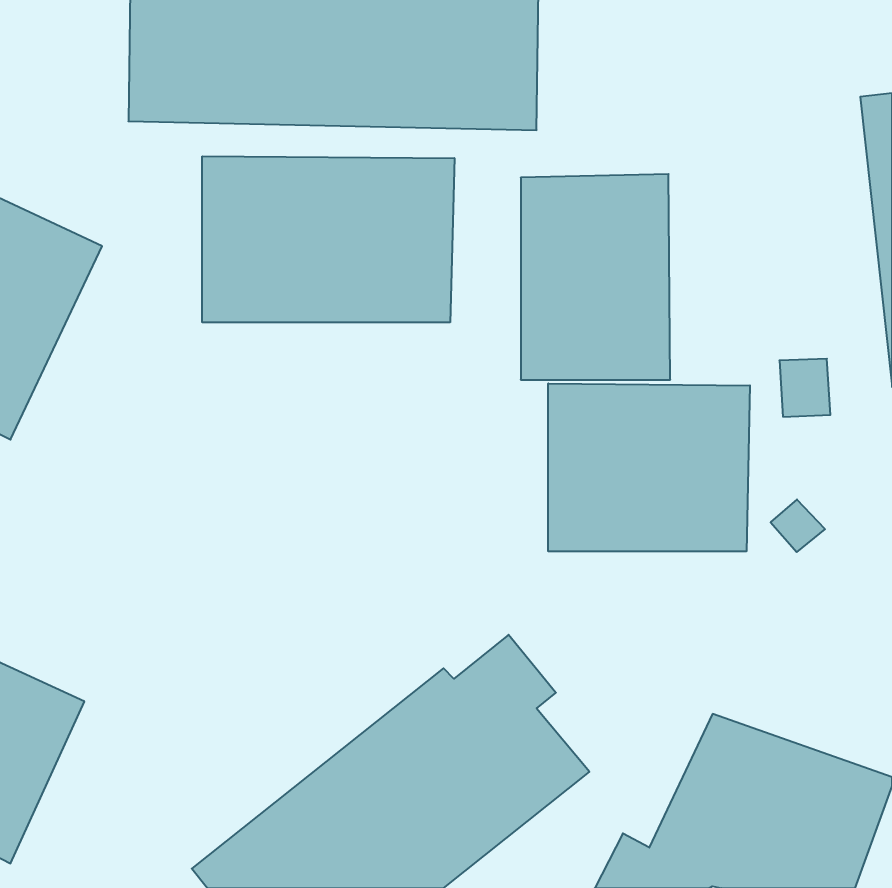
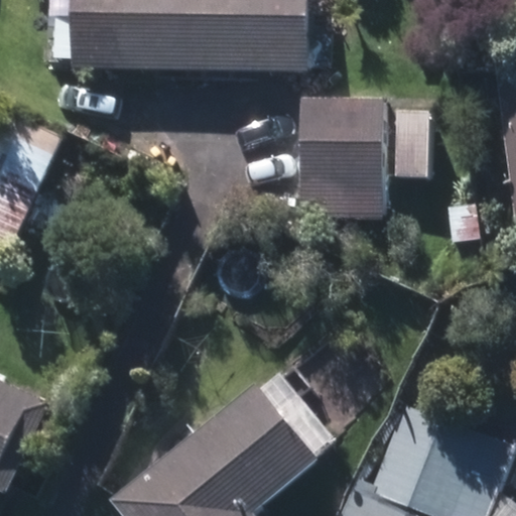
building: [202,156,454,322] -> none
building: [548,383,750,551] -> none

